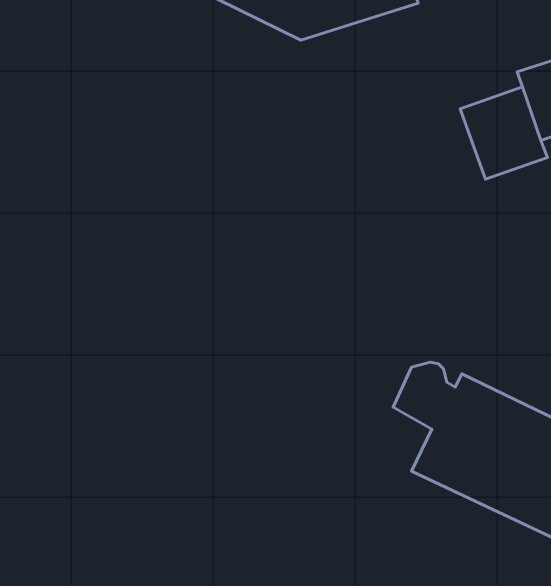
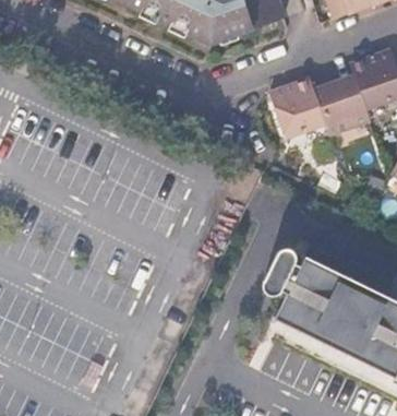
building: none -> [269,79,325,138]

